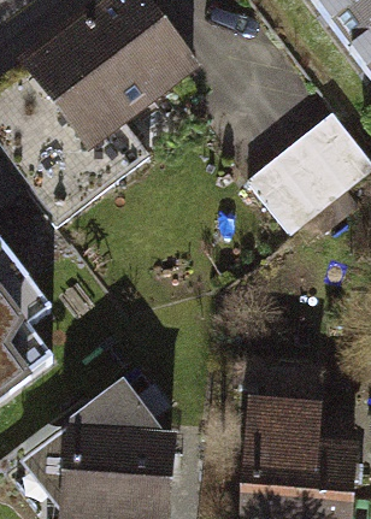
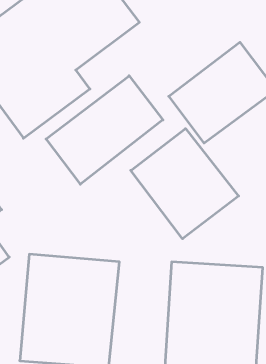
building: none -> [46,76,163,184]
building: none -> [131,129,239,239]

